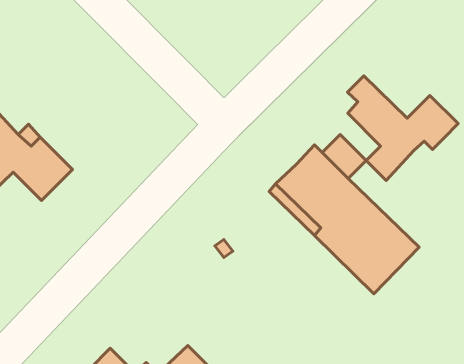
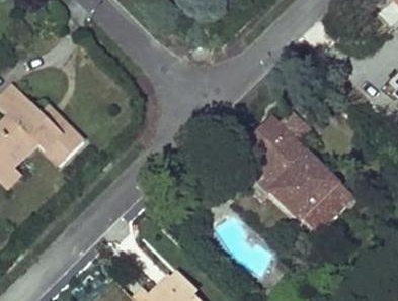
building: [347,76,458,180] -> none

